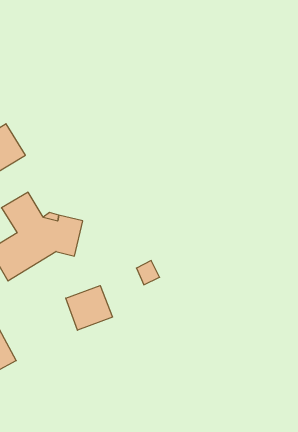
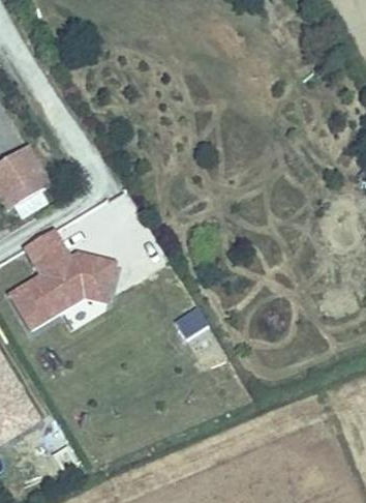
building: [66,286,112,330] -> none

